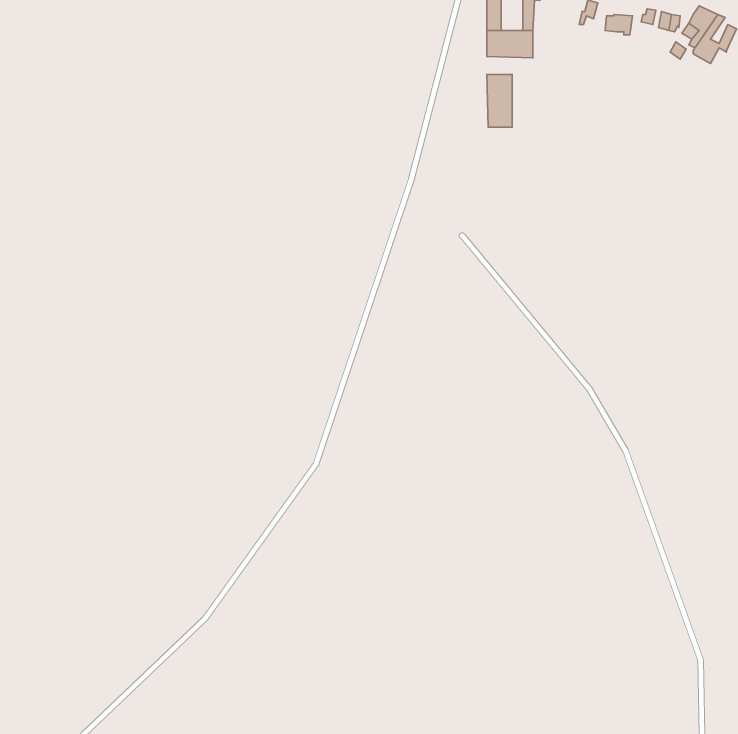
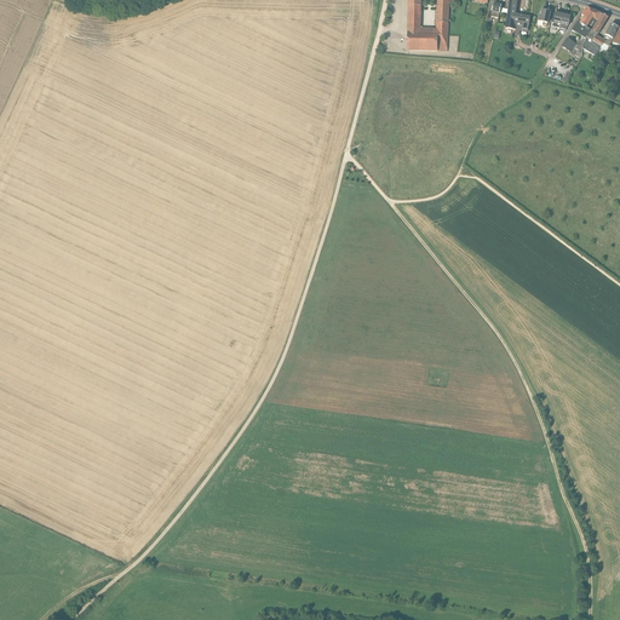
building: [487,74,512,127] -> none

